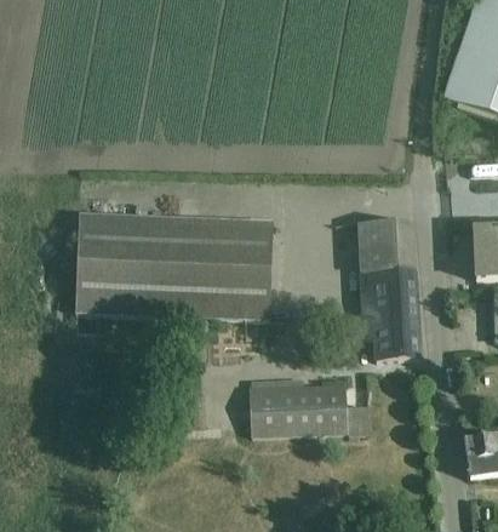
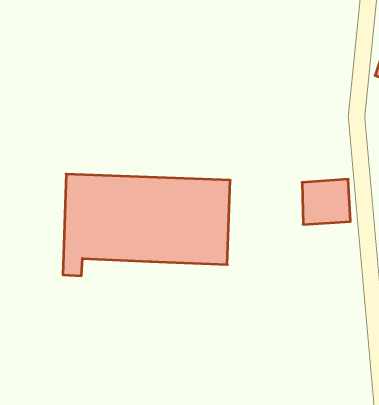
building: [359,269,420,359] -> none
building: [250,383,368,435] -> none

